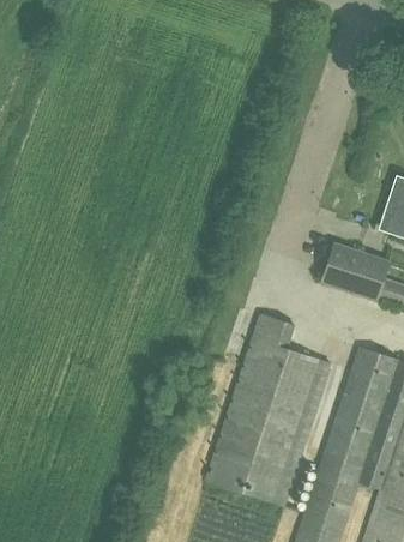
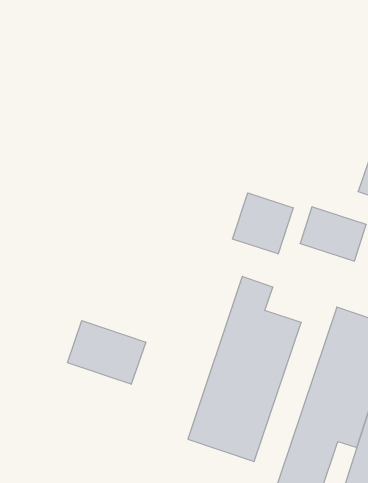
building: none -> [233,193,293,254]
building: none -> [67,321,146,384]

